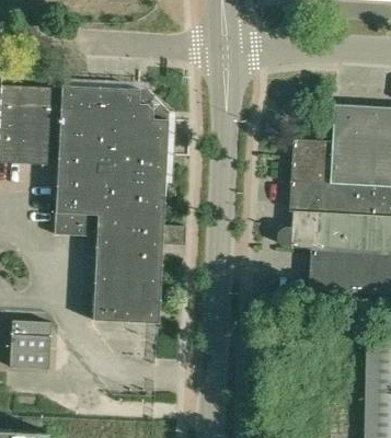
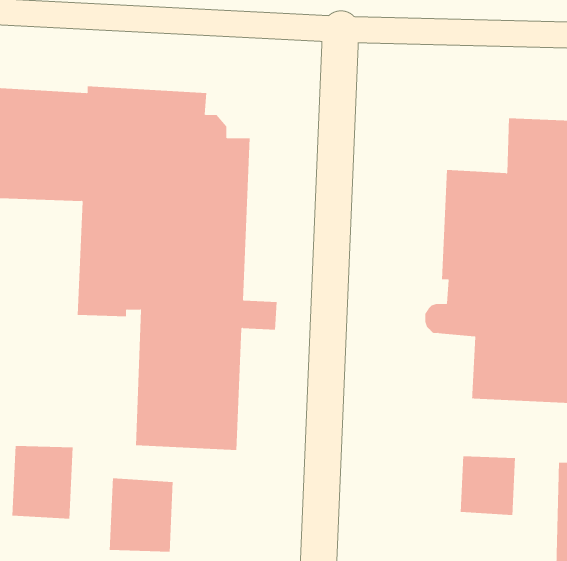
building: none -> [460,456,516,516]
building: none -> [109,477,173,553]

